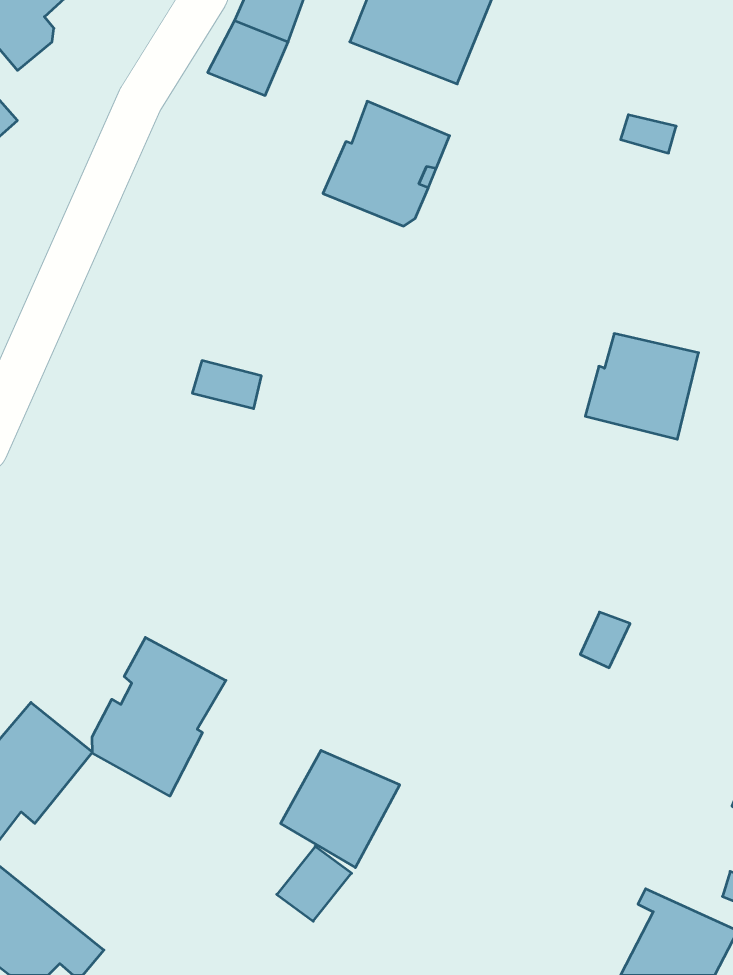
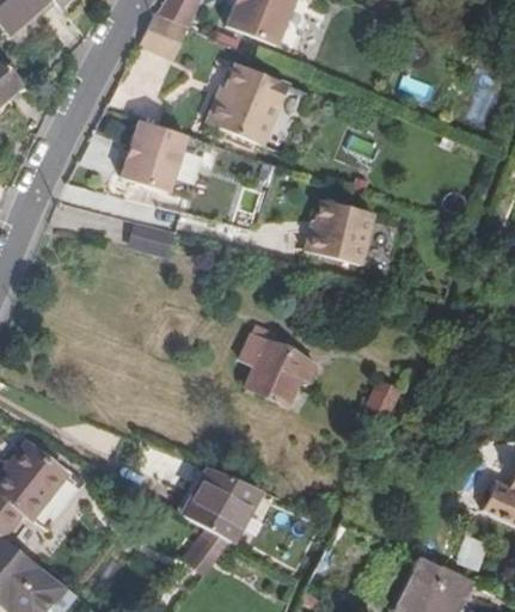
building: none -> [121,122,207,201]
building: [585,334,699,439] -> [306,197,376,263]
building: none -> [237,341,300,409]
building: [92,637,226,796] -> none

